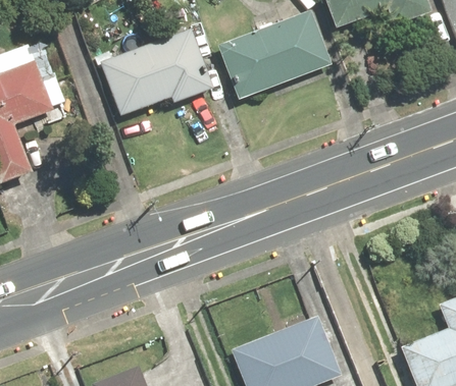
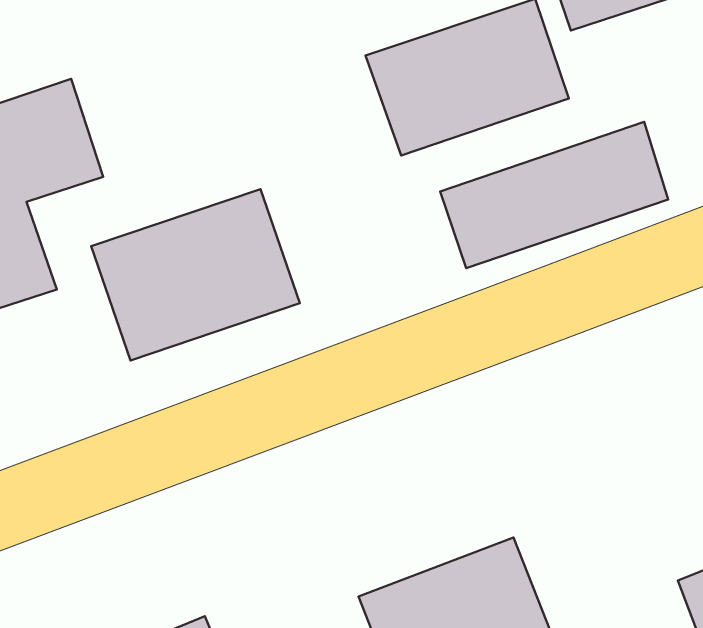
building: [99,23,218,121] -> [91,189,300,360]
building: none -> [440,122,668,268]

